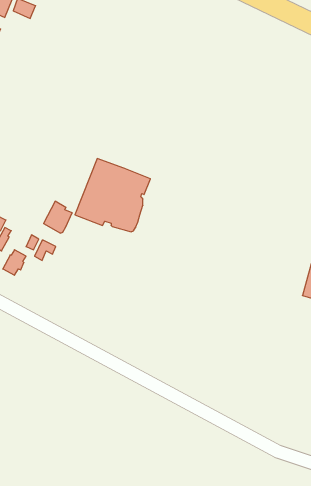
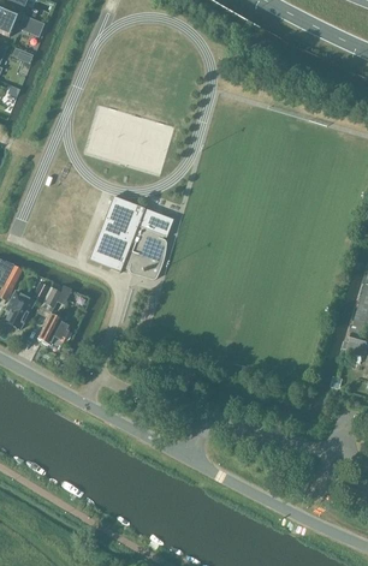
building: [44,201,72,233] -> [38,312,71,348]

